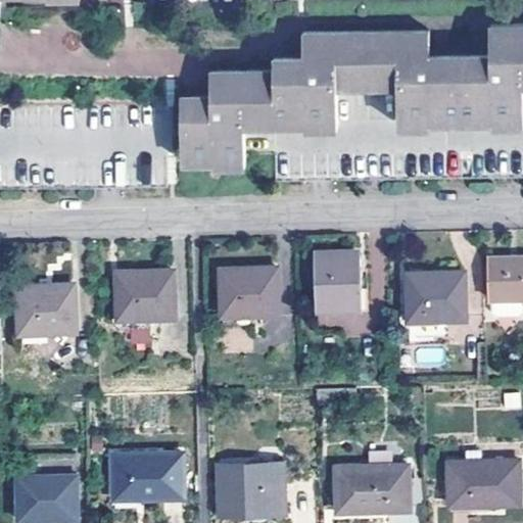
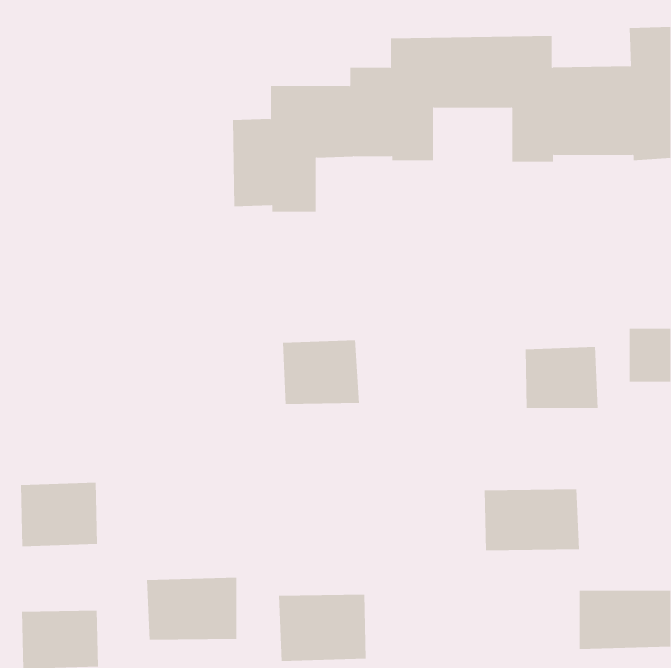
building: [314,252,361,312] -> none
building: [116,272,175,322] -> none
building: [15,286,76,336] -> [20,482,98,547]
building: [335,465,410,513] -> [484,489,580,551]

